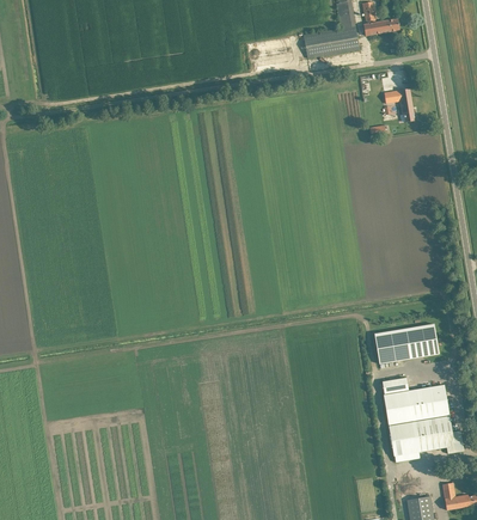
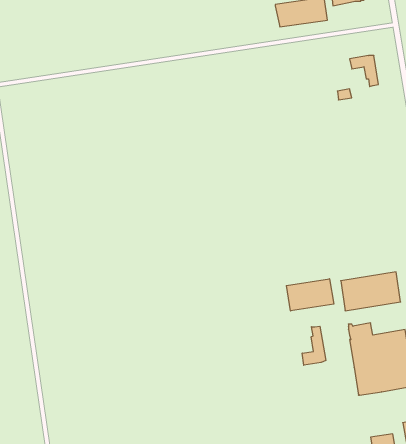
building: none -> [286,279,334,311]
building: none -> [302,326,326,365]

